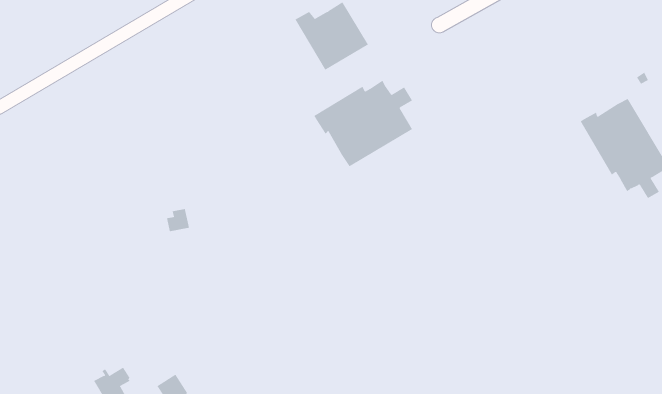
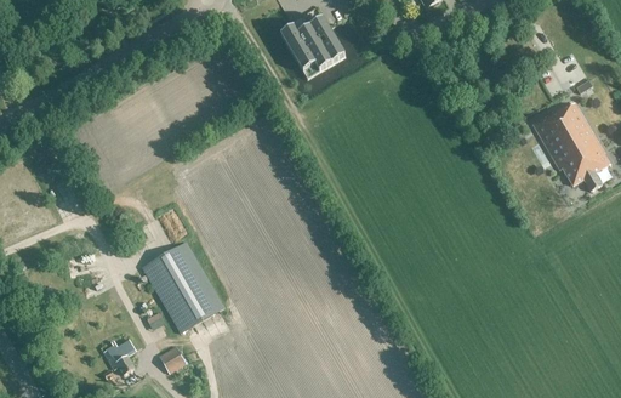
building: [314,80,413,167] -> none
building: none -> [142,240,224,331]

